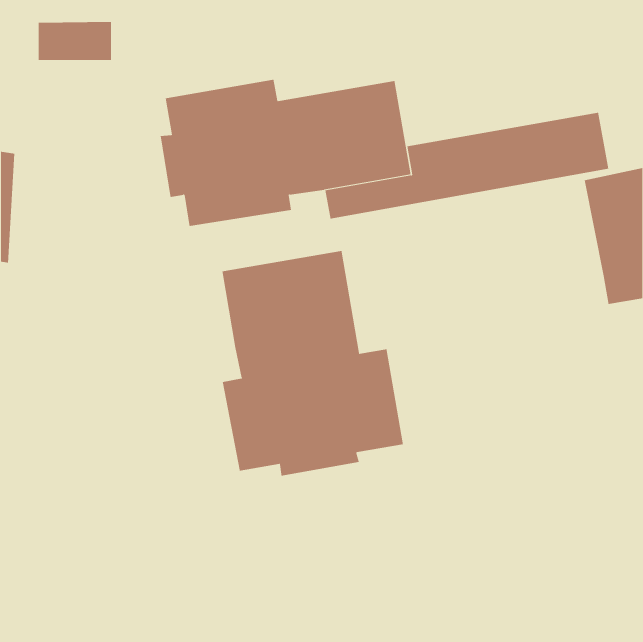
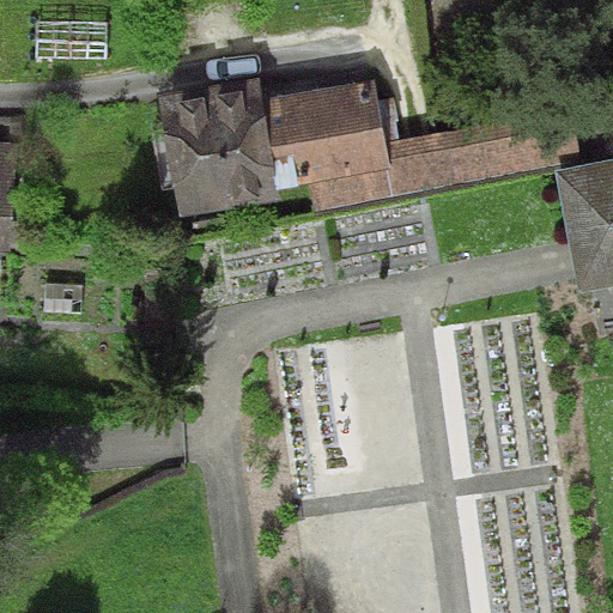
building: [222,250,403,477] -> none

